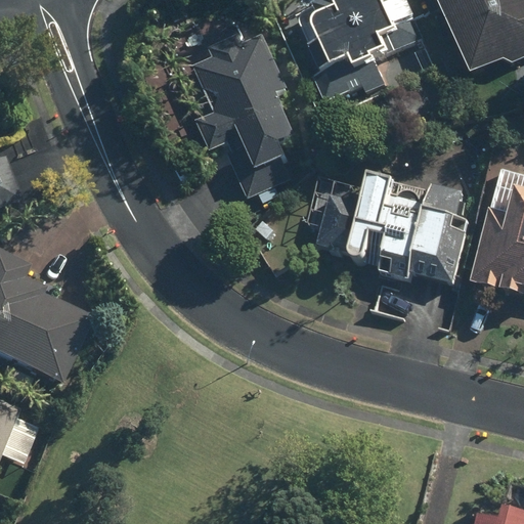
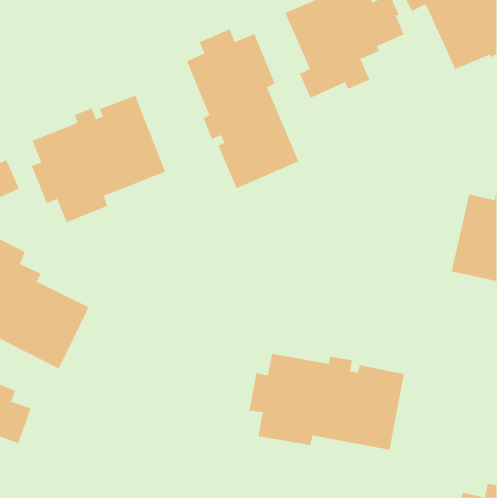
building: none -> [31,95,166,223]
building: [305,173,465,281] -> none
building: none -> [249,353,405,451]

